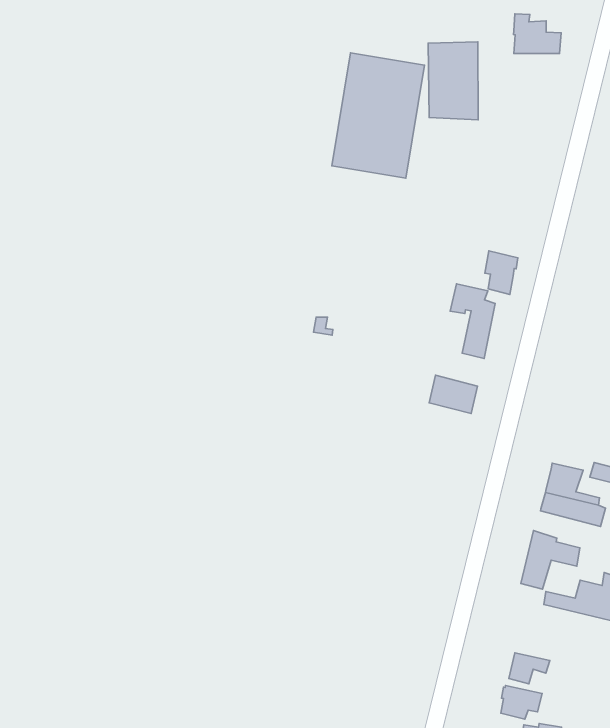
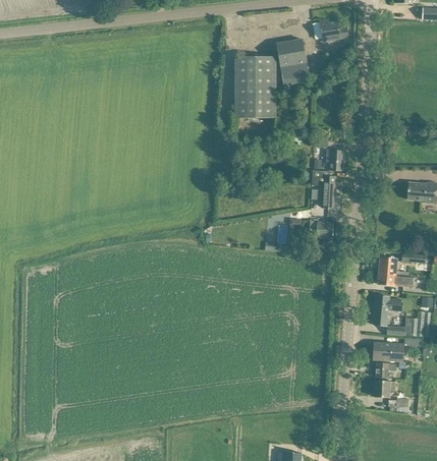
building: none -> [373,341,404,360]

